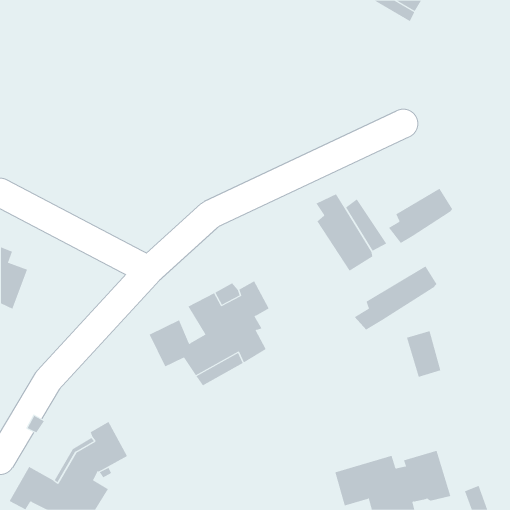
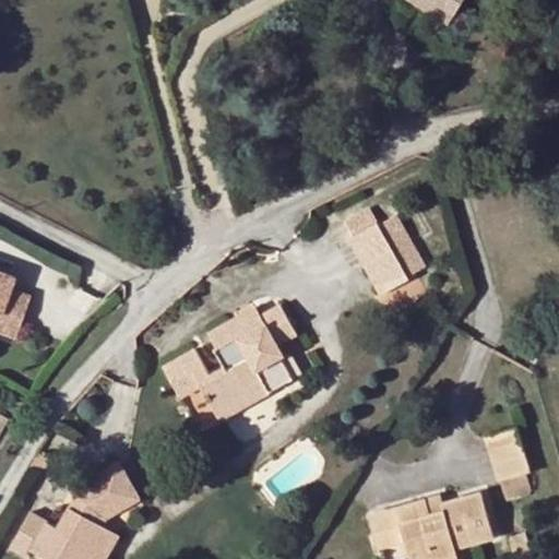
building: [388,188,453,244] -> none
building: [354,265,437,331] -> none
building: [406,330,441,377] -> [486,430,524,481]

